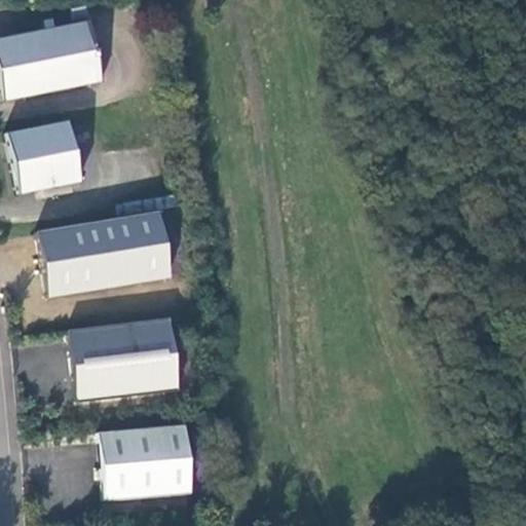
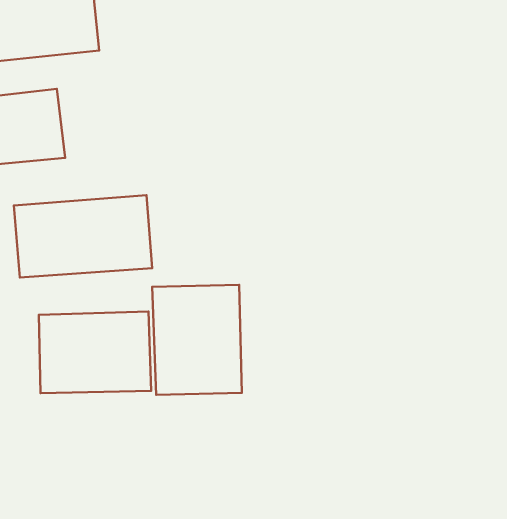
building: none -> [152,285,242,395]
building: [101,424,193,499] -> none

